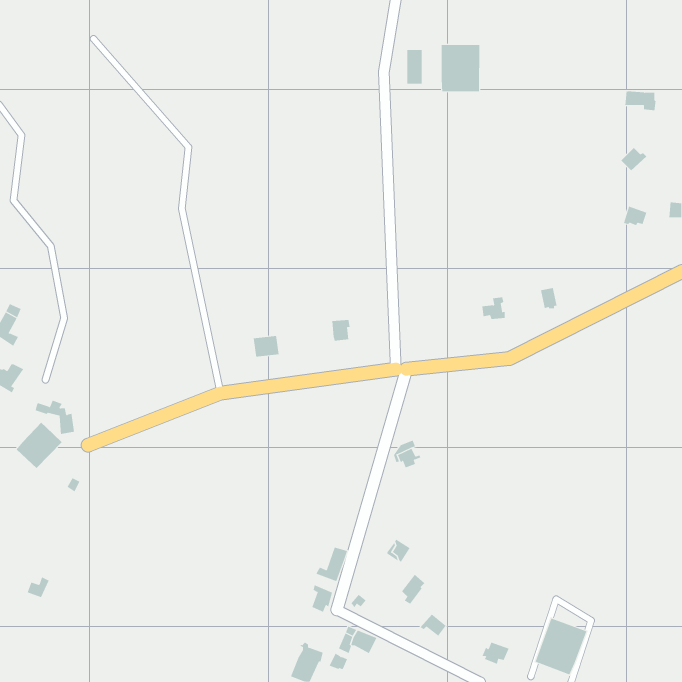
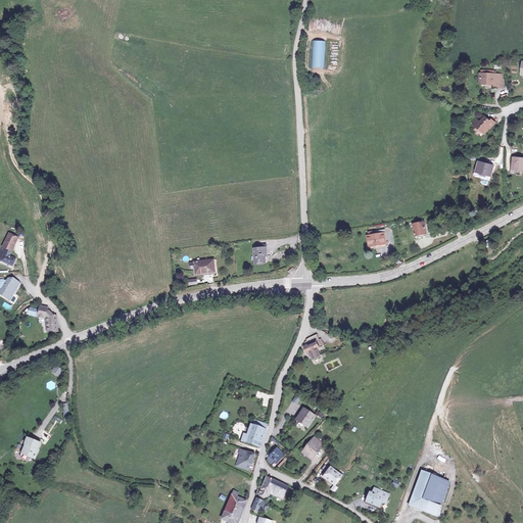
building: [441,44,480,92] -> none
building: [16,422,62,469] -> none

